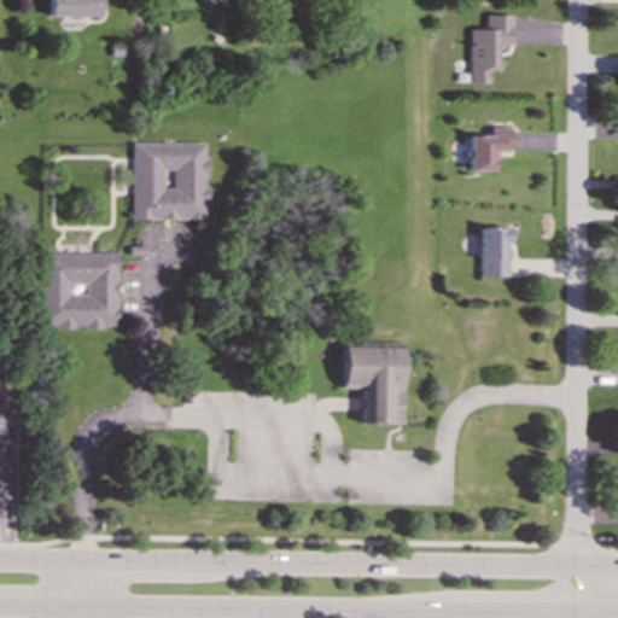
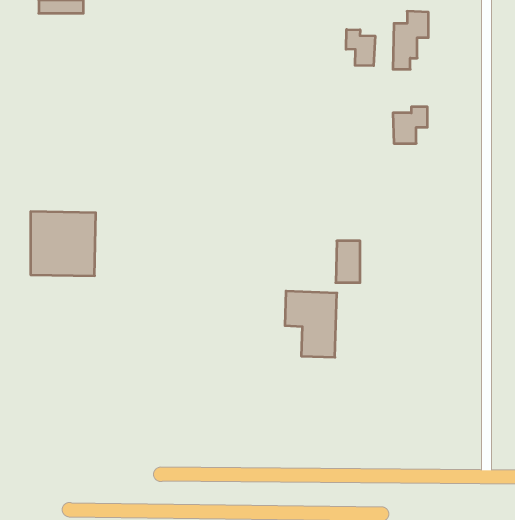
building: none -> [346,29,375,66]
building: [133,141,208,218] -> none
building: [483,227,512,276] -> [336,241,360,283]

